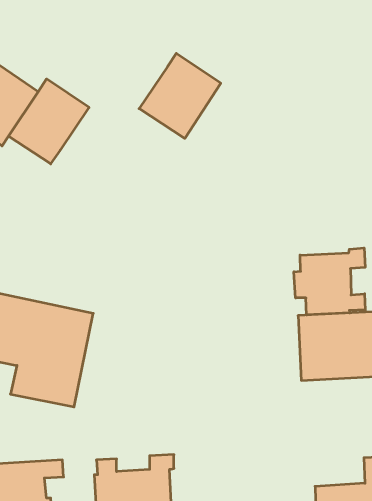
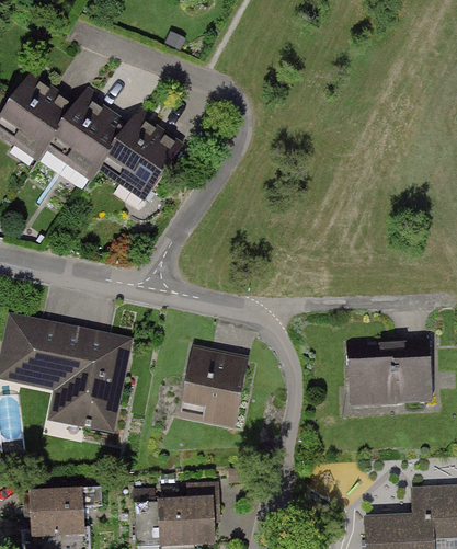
building: [139,53,221,138] -> [99,111,183,198]
building: [294,248,365,315] -> none
building: none -> [179,345,249,427]

